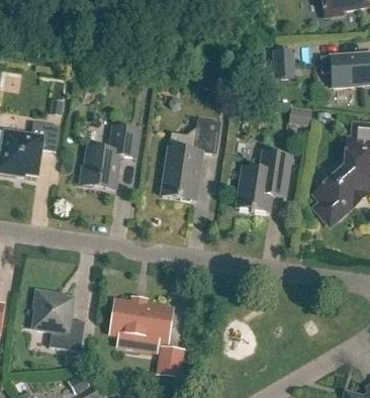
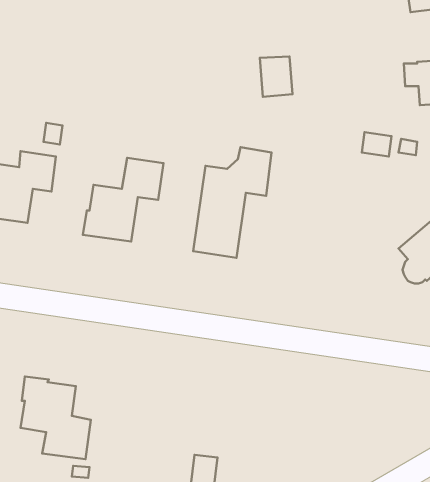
building: [271,48,295,79] -> [260,56,292,97]
building: [236,151,291,211] -> none
building: [111,300,171,349] -> none

